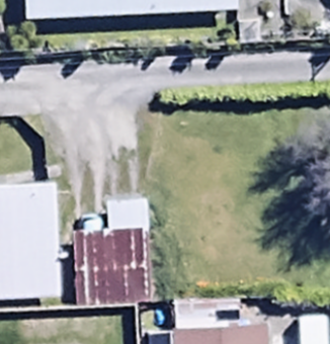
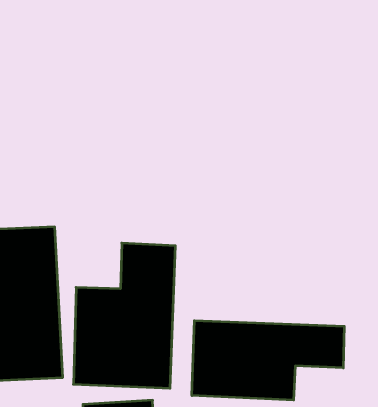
building: none -> [192,321,344,400]

